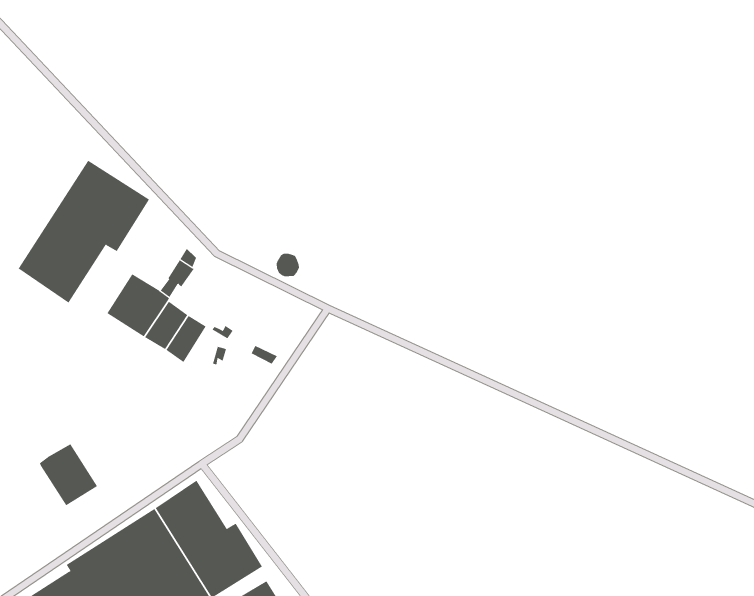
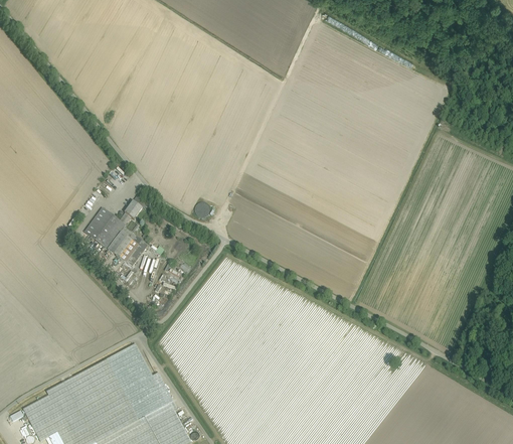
building: [18,160,150,304] -> none
building: [39,443,98,506] -> none

